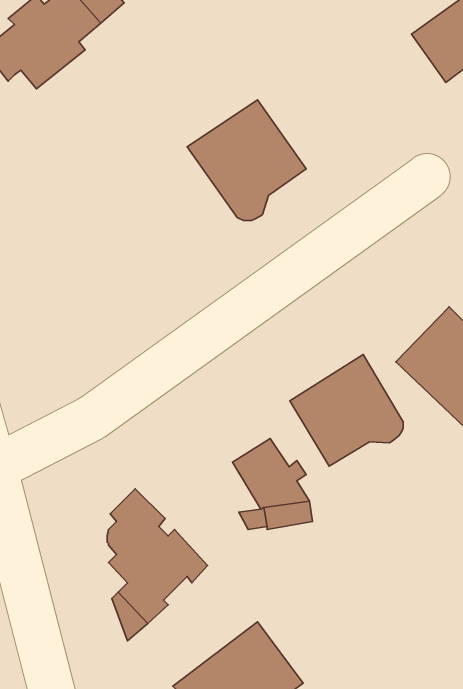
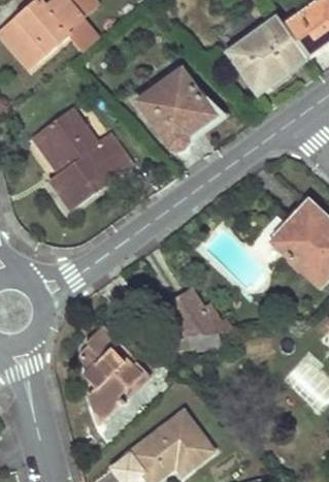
building: none -> [227,14,307,87]
building: none -> [40,107,132,207]
building: [290,355,403,466] -> none

